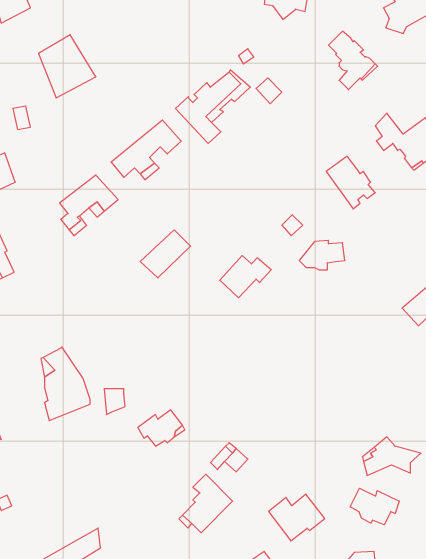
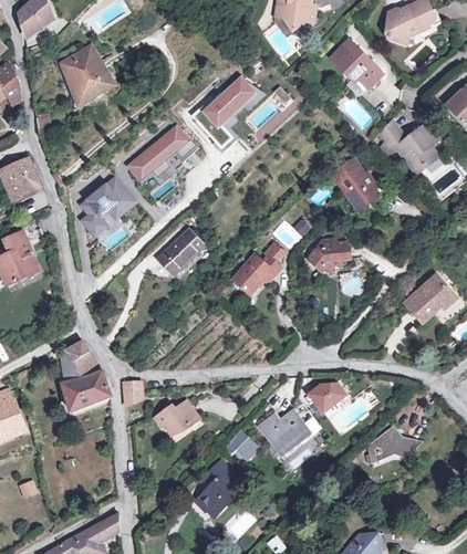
building: none -> [307,384,347,417]
building: [350,488,399,525] -> none
building: [269,494,325,541] -> [257,409,310,453]

